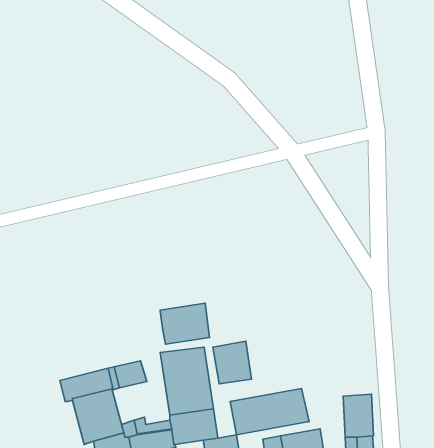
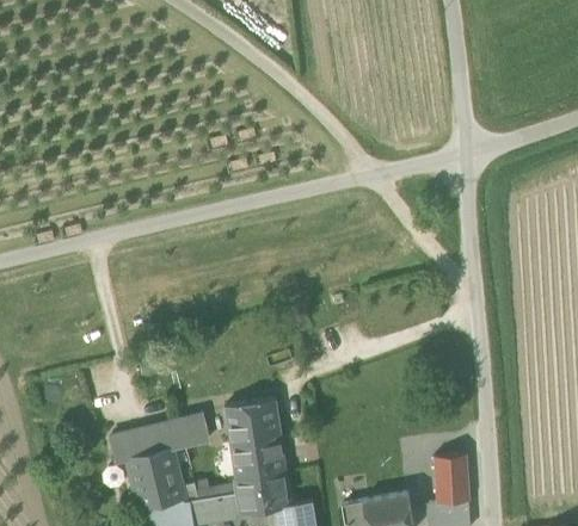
building: [160,303,209,344] -> none
building: [213,341,252,384] -> none
building: [230,389,309,435] -> none

